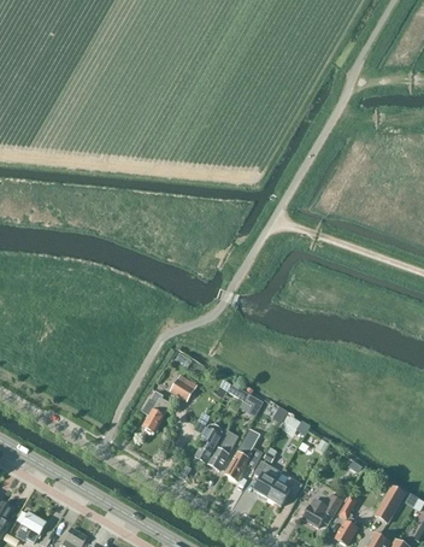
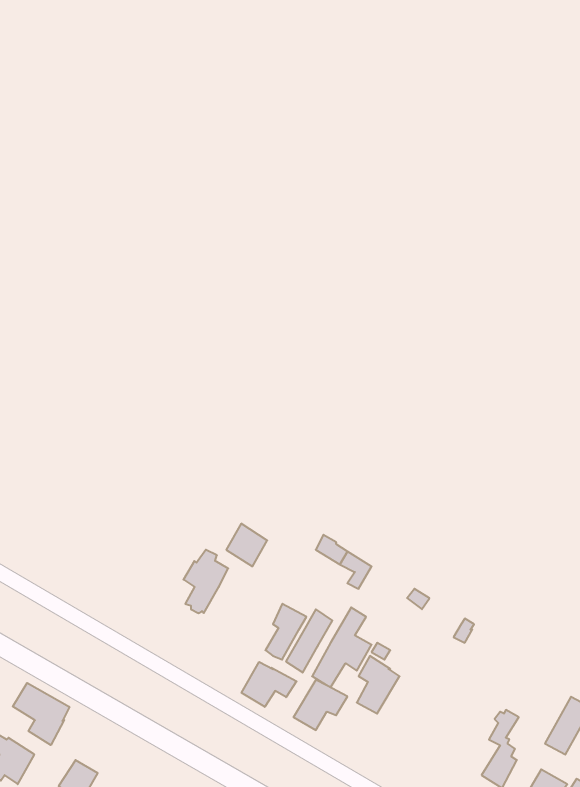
building: none -> [242,662,297,707]
building: [266,472,301,505] -> [293,680,347,730]
building: none -> [13,683,69,745]
building: [301,489,346,525] -> none

